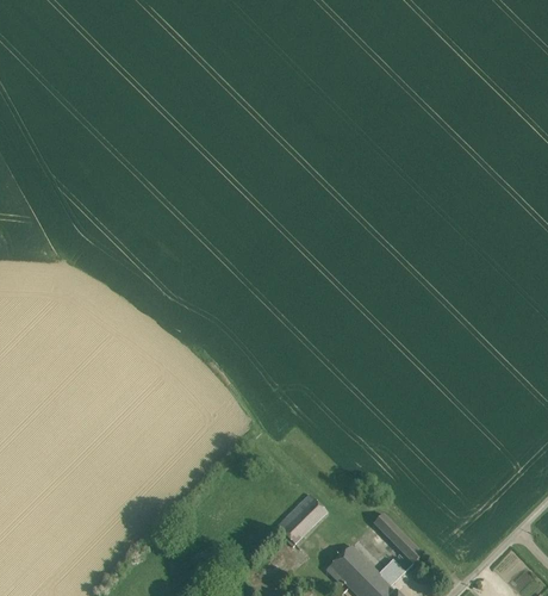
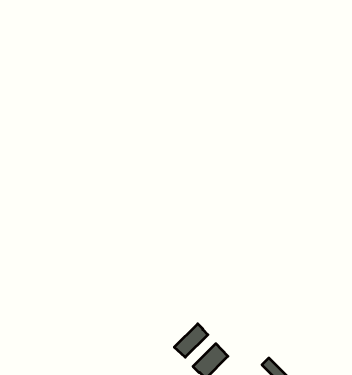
building: none -> [174,324,208,357]

